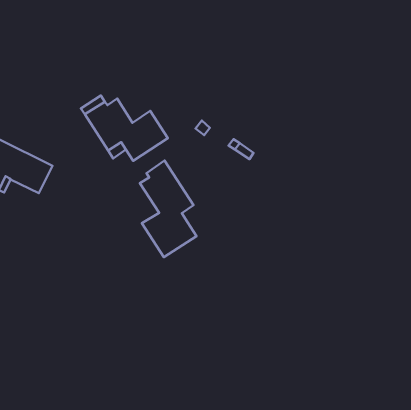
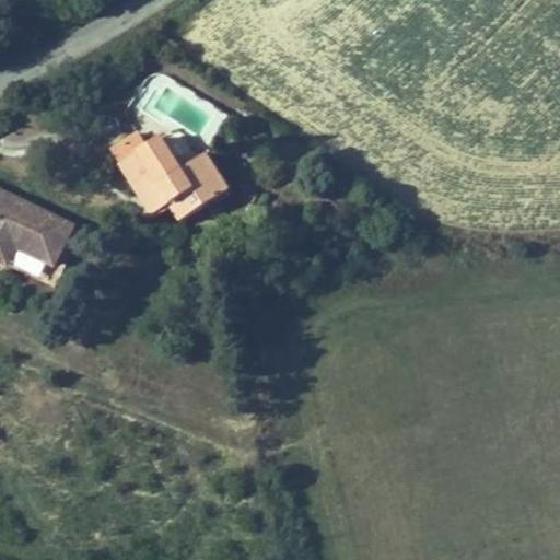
building: [140,160,197,257] -> none

